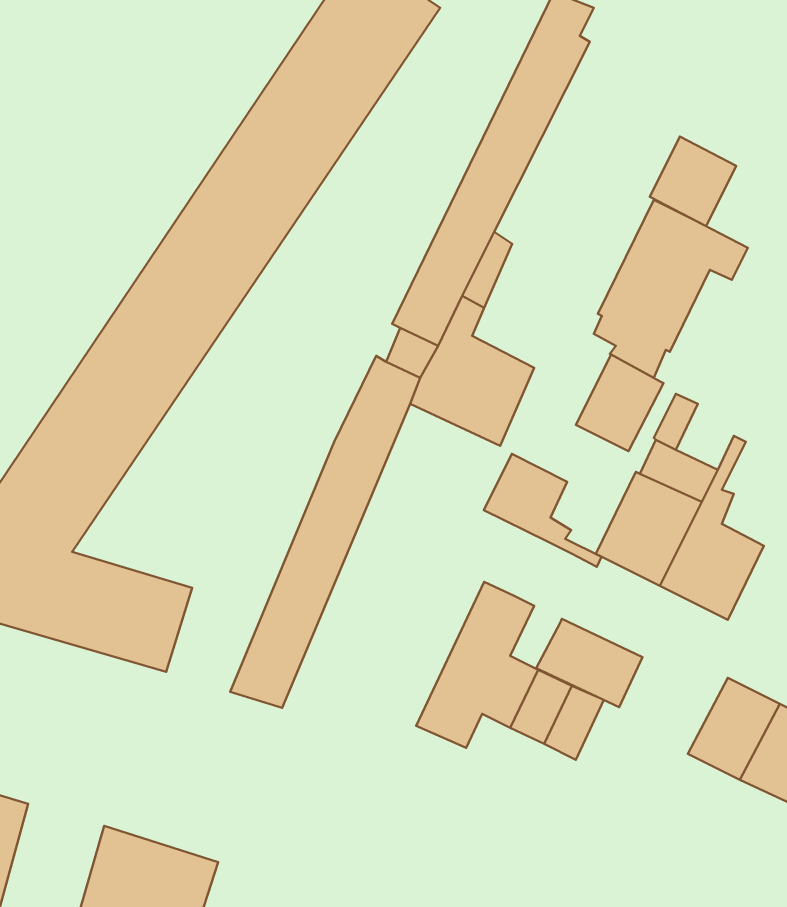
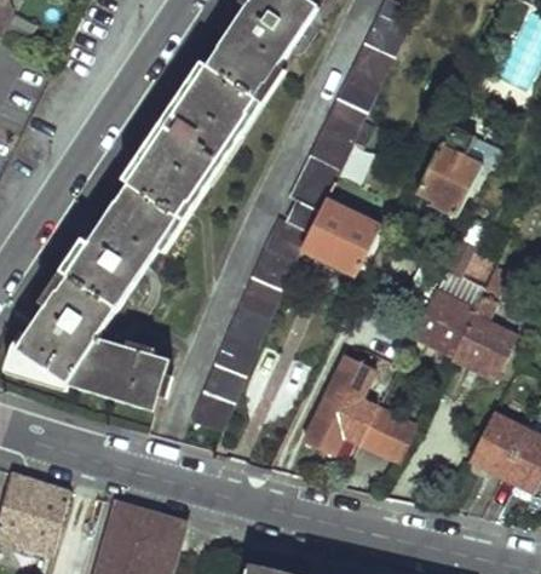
building: [650,137,736,226] -> none
building: [576,354,663,451] -> none
building: [484,454,602,567] -> none
building: [536,619,643,707] -> none

